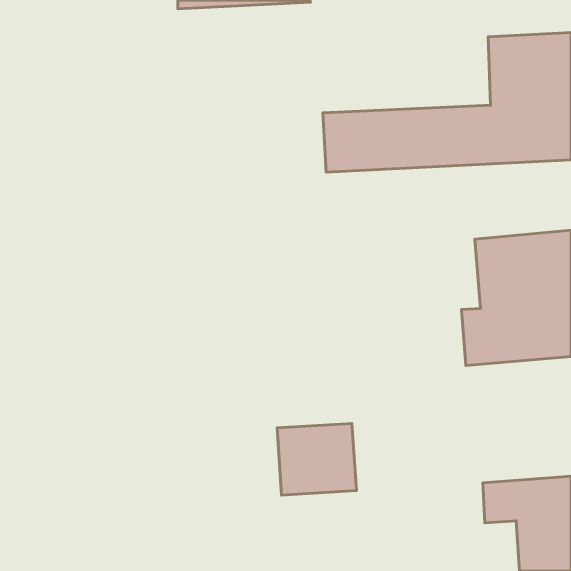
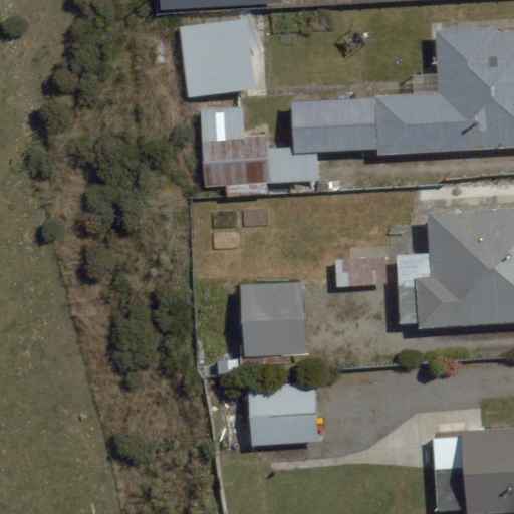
building: none -> [180,19,255,97]
building: none -> [198,104,319,187]
building: none -> [242,283,305,357]

